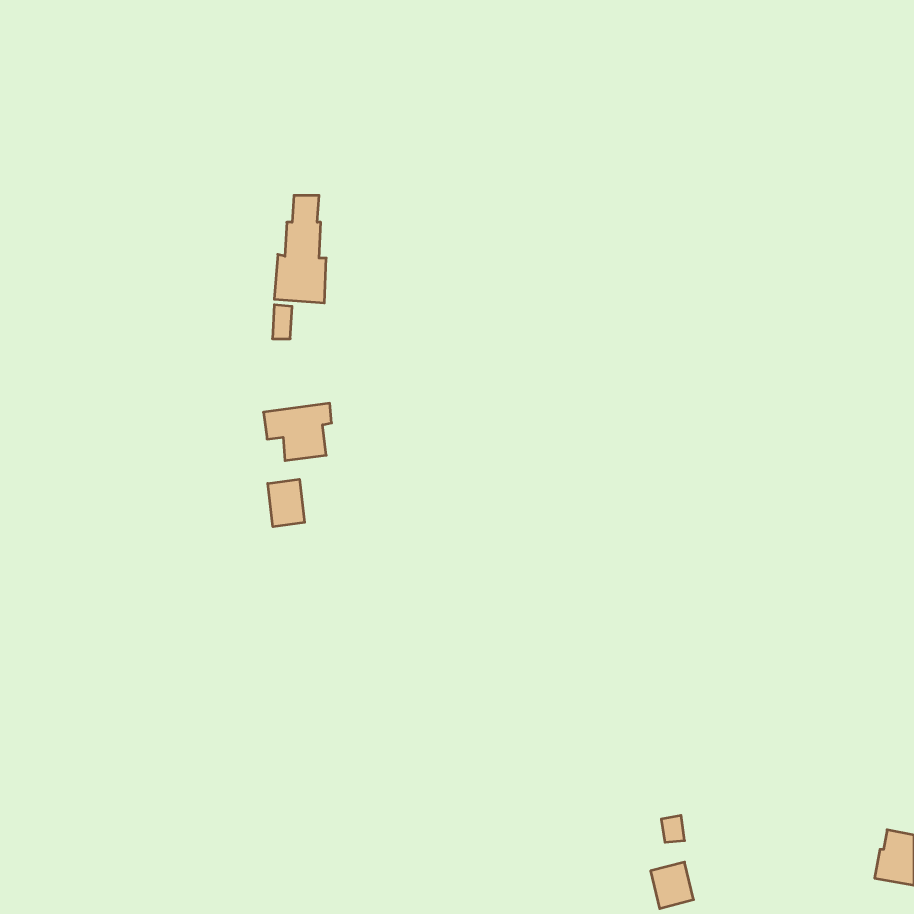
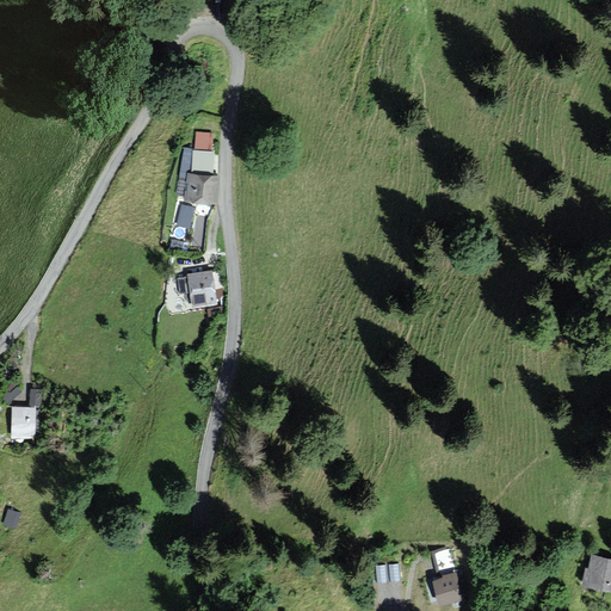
building: [268,479,305,527] -> none
building: none -> [8,405,35,439]

